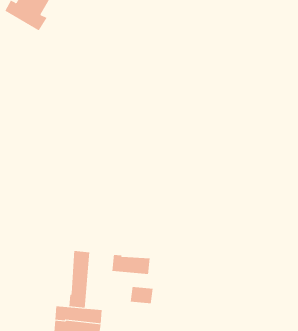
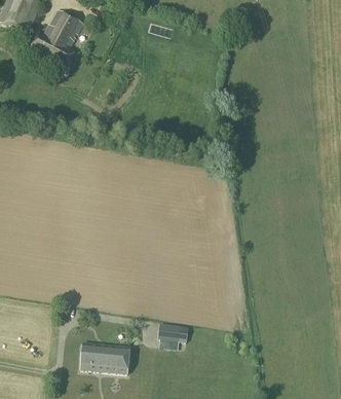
building: [69,250,90,308] -> none
building: [112,254,150,275] -> none

